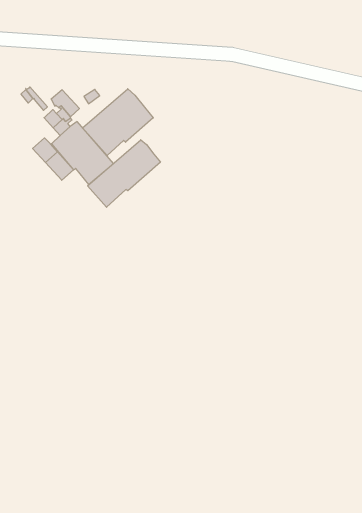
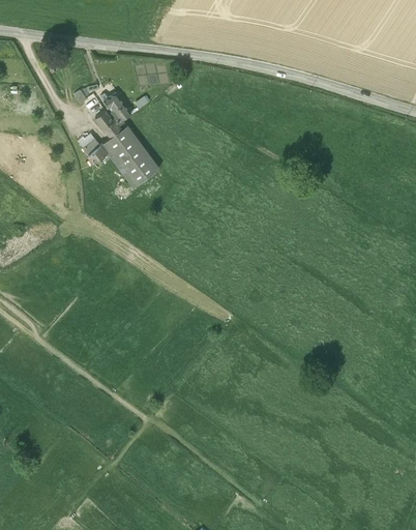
building: [83,89,153,156] -> none
building: [88,140,160,207] -> none

